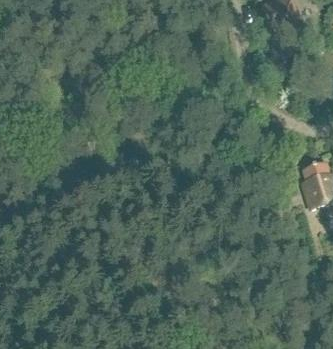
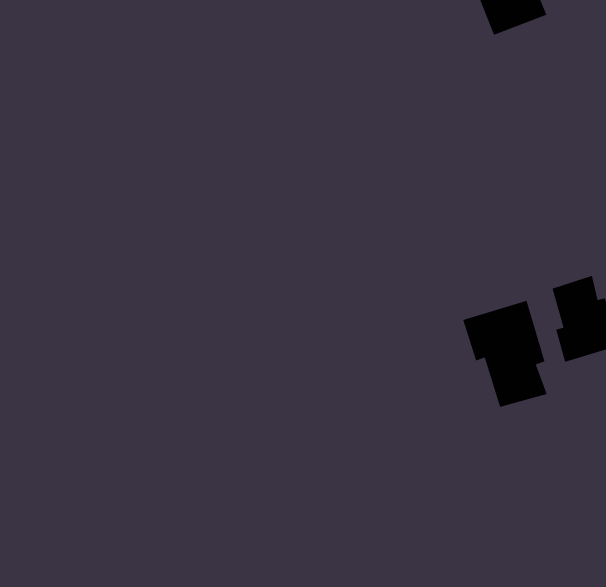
building: none -> [462,300,548,408]

